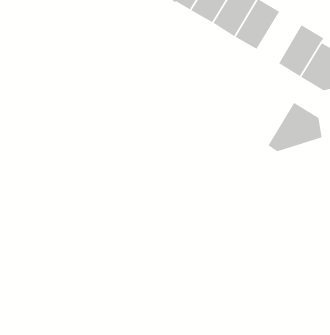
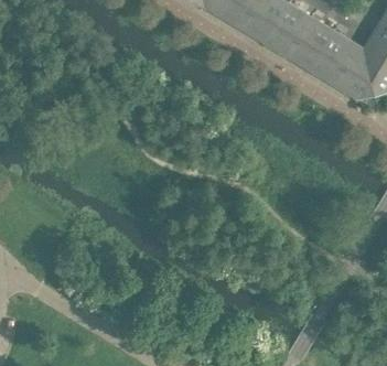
building: none -> [288,18,334,72]
building: [267,102,322,152] -> none

